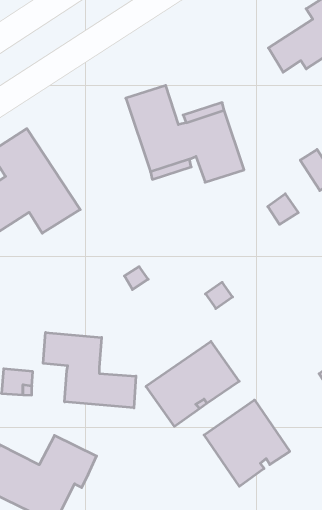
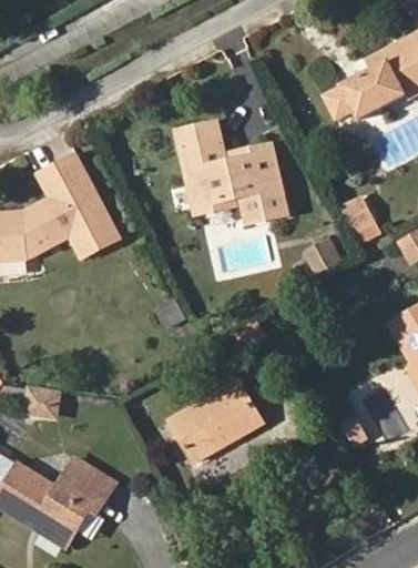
building: [43,332,136,408] -> none
building: [204,400,290,486] -> none

